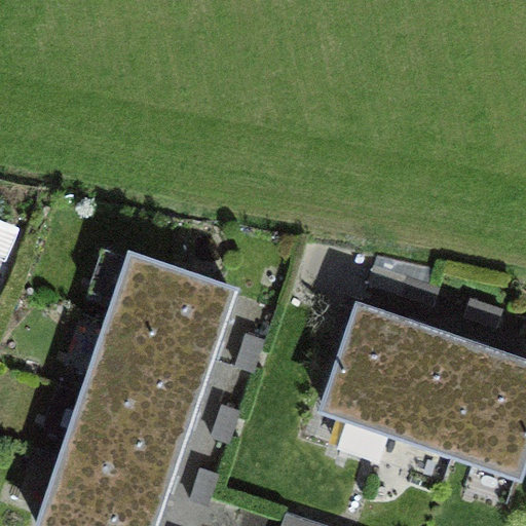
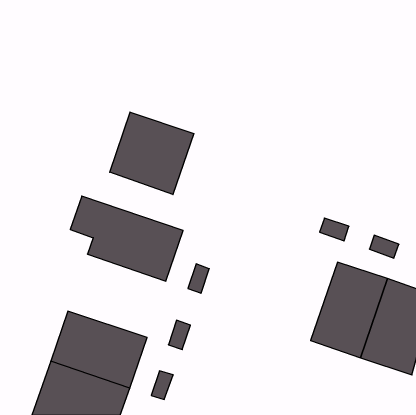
building: none -> [110,112,194,195]
building: [328,307,426,458] -> none
building: [87,320,211,424] -> none

